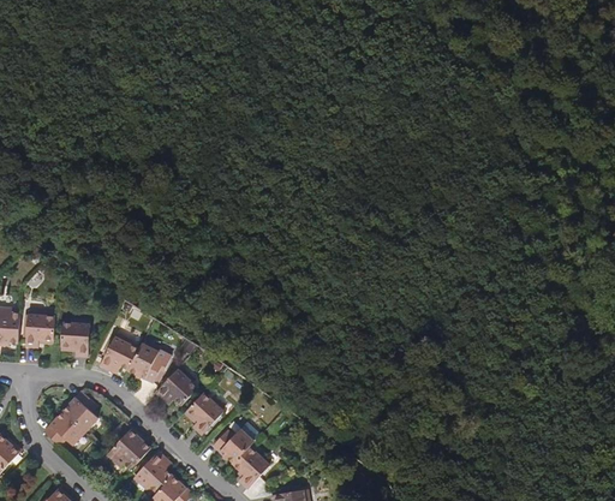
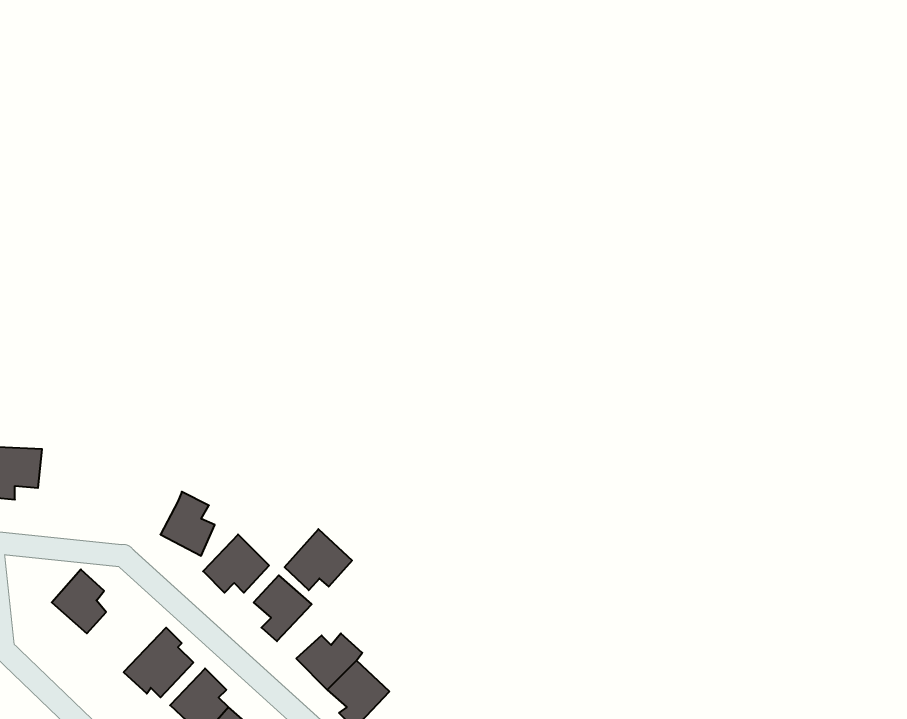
building: [61,321,90,354] -> none
building: [100,334,139,371] -> none
building: none -> [285,529,352,590]
building: [42,410,83,442] -> none

